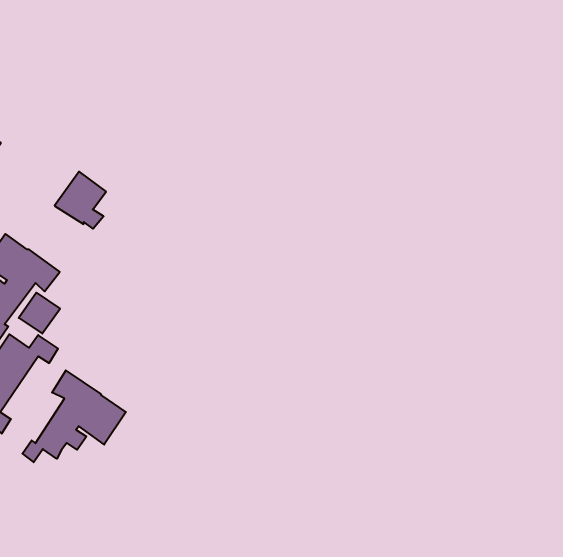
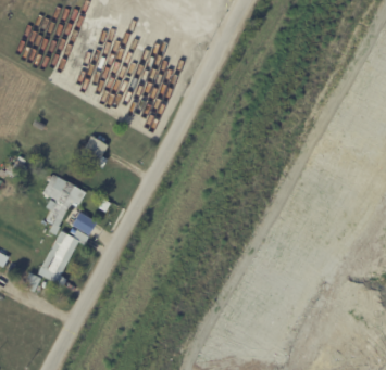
building: [22,370,126,462] -> none

